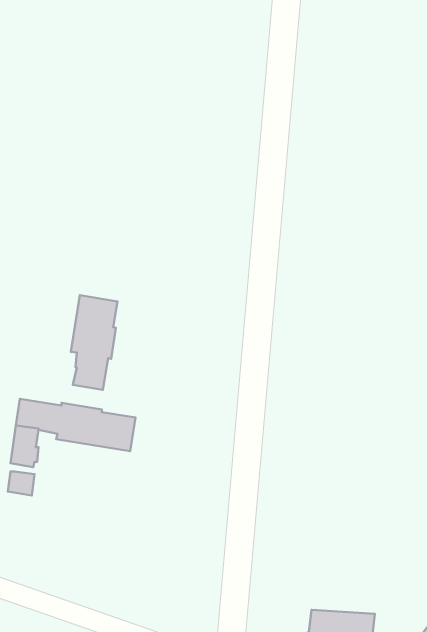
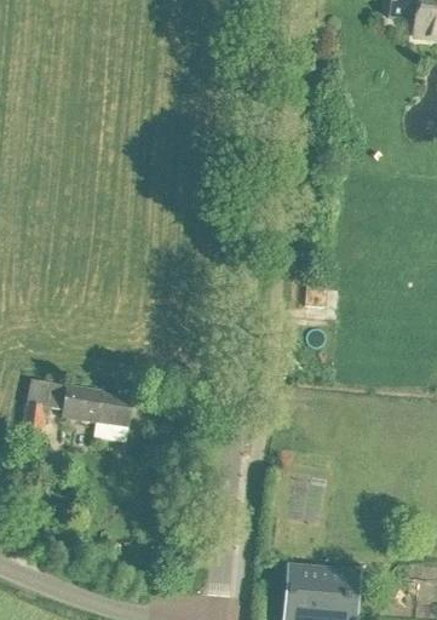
building: [71,295,117,390] -> none

